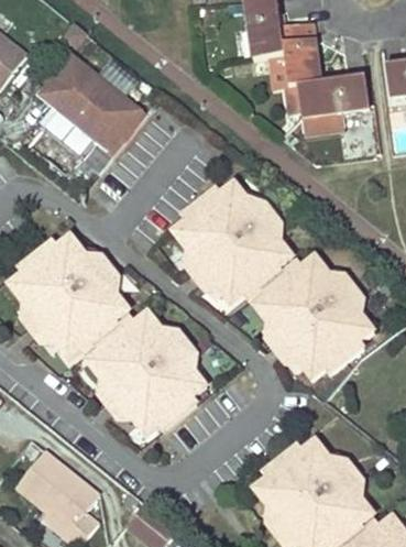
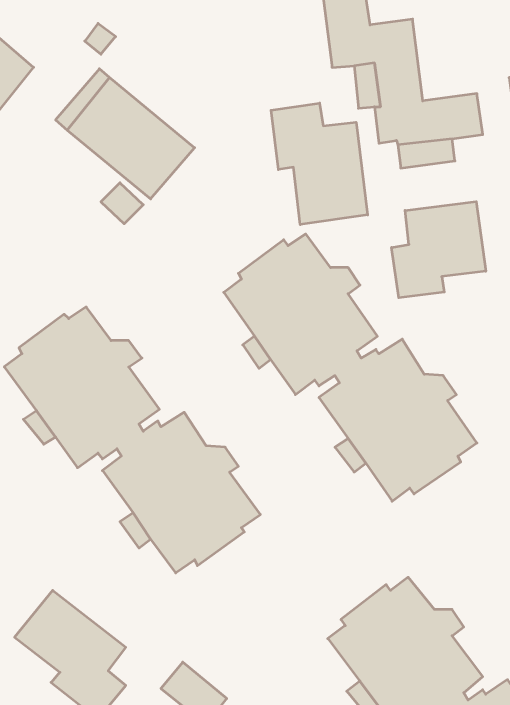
building: none -> [271,103,368,225]
building: none -> [392,202,486,298]

